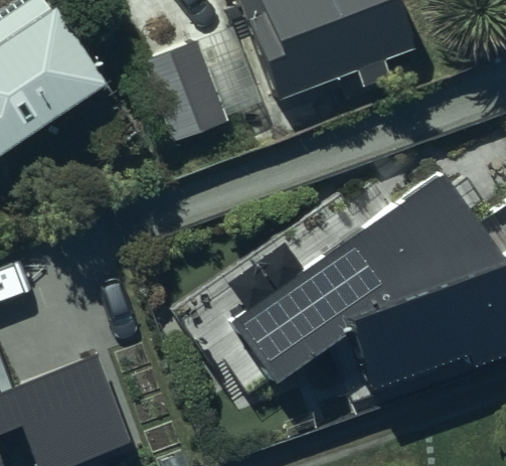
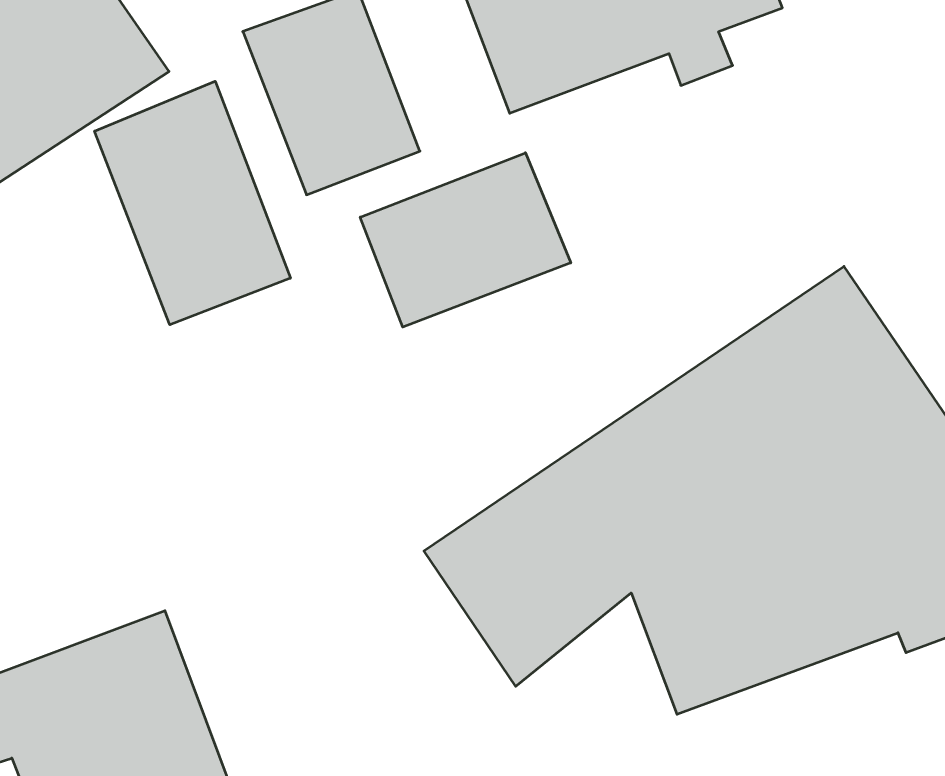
building: none -> [95,81,290,325]
building: none -> [360,153,571,327]

